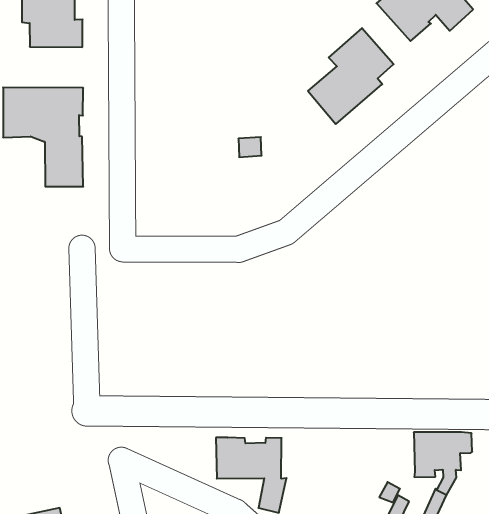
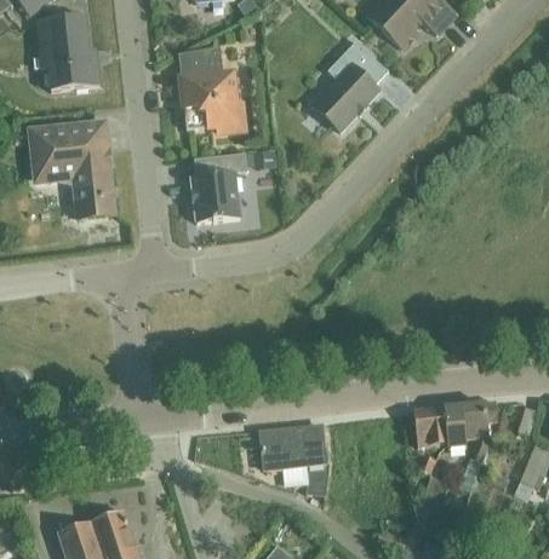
building: none -> [178,46,242,129]
building: none -> [191,152,247,221]
building: none -> [413,407,447,446]

